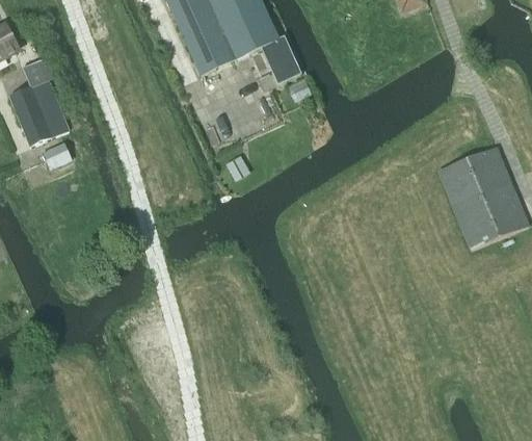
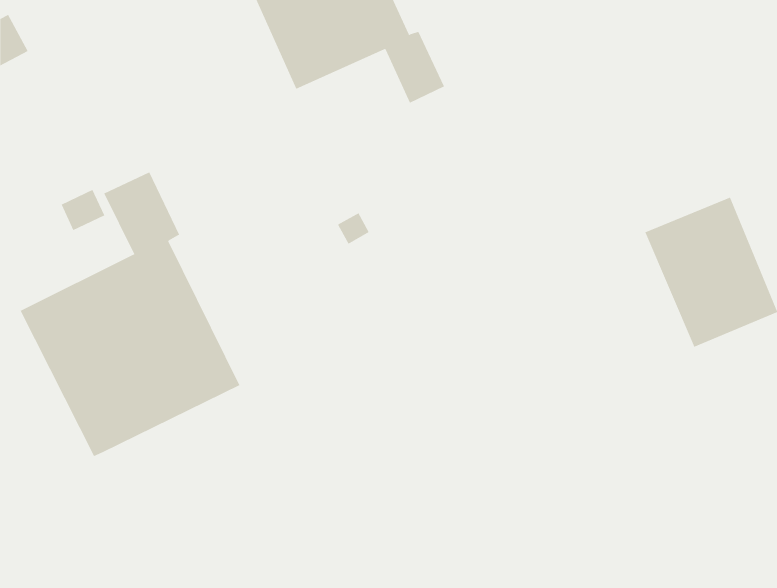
building: [9,55,70,144] -> none
building: none -> [20,171,240,457]

